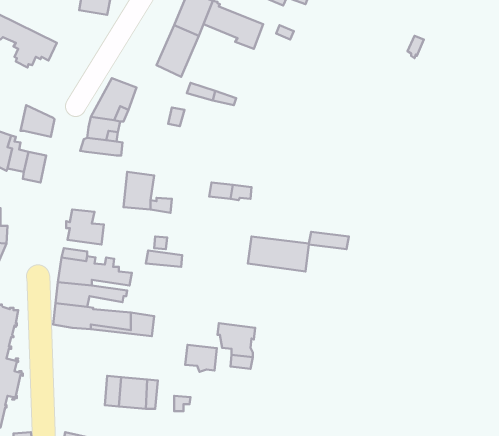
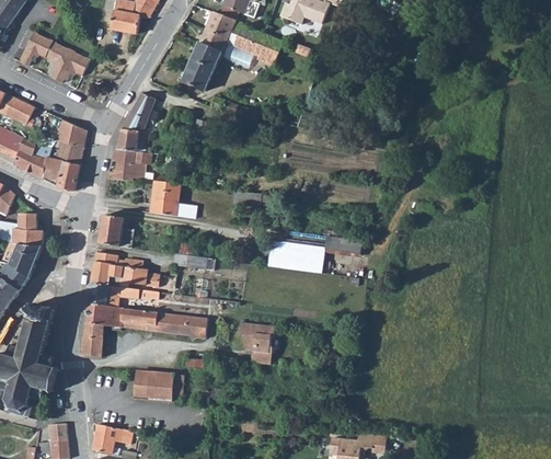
building: none -> [53,141,82,164]
building: none -> [105,161,144,181]
building: none -> [81,322,102,357]
building: [185,345,217,372] -> [176,314,206,340]

